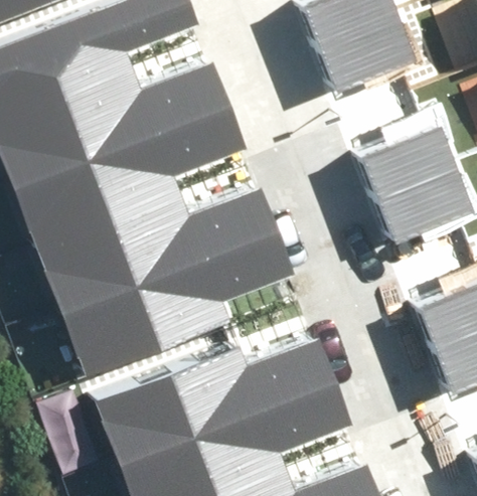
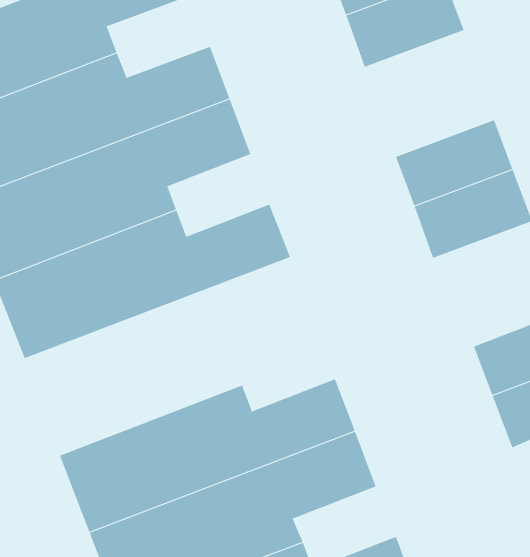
building: [59,235,293,382] -> none

